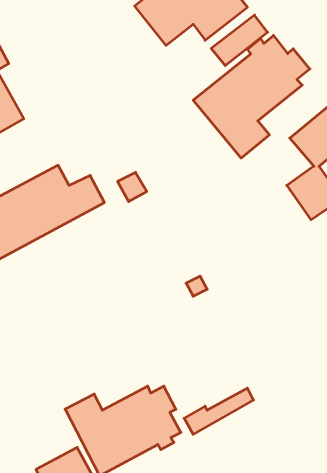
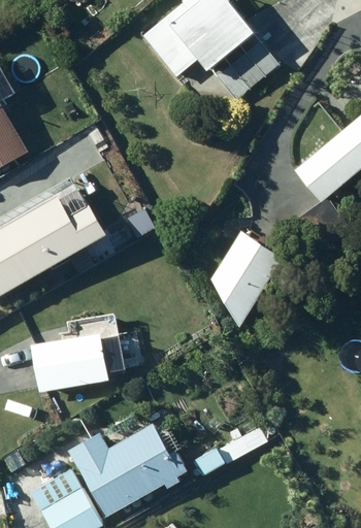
building: [193,35,310,158] -> none
building: none -> [207,227,281,321]
building: none -> [31,334,108,390]

